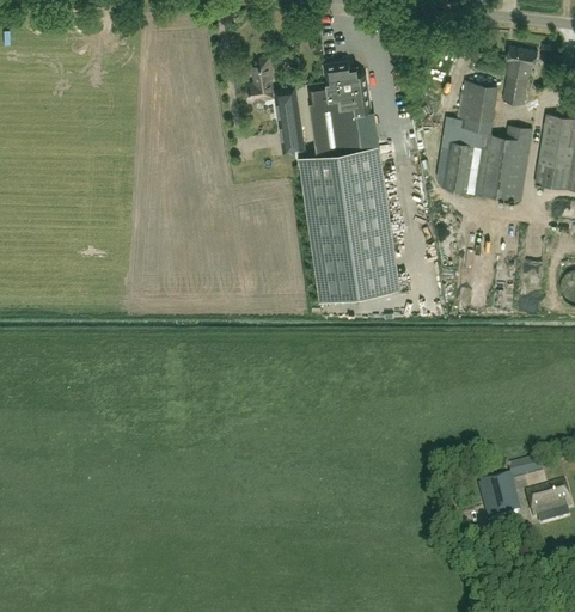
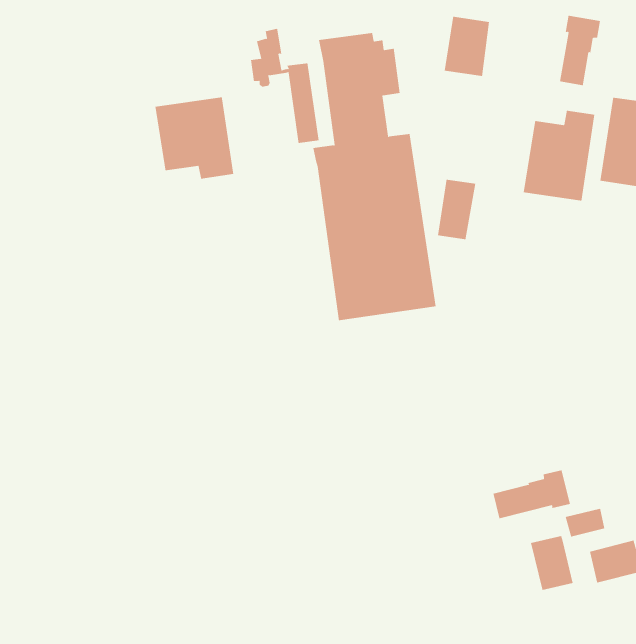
building: [458,82,496,133] -> [444,16,490,77]
building: none -> [155,96,234,179]
building: [441,143,473,194] -> [437,179,476,240]
building: none -> [493,469,570,519]

